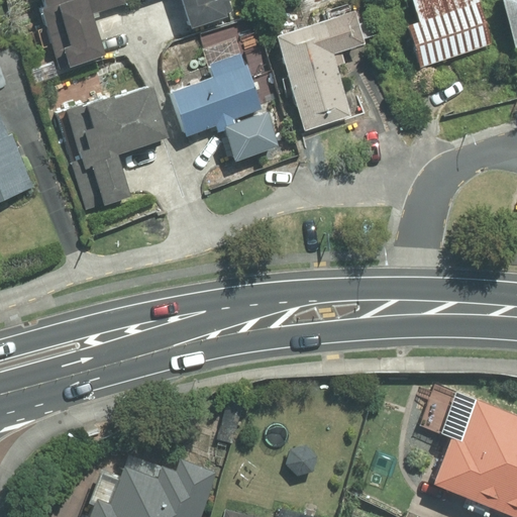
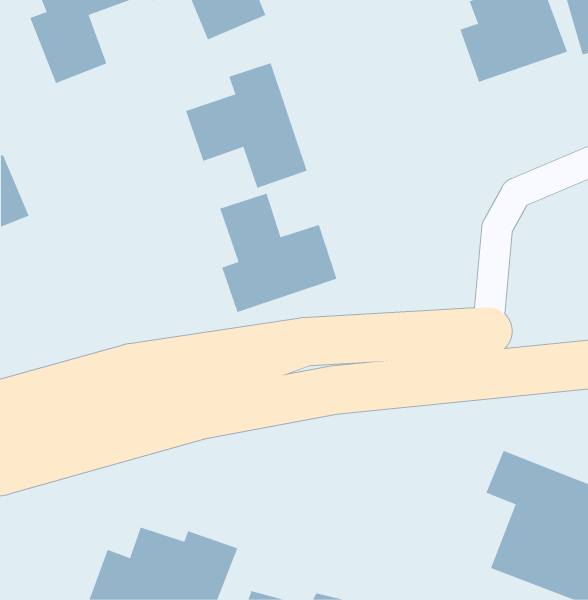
building: [272,11,360,131] -> none
building: [61,83,173,208] -> none
building: none -> [220,193,337,313]

